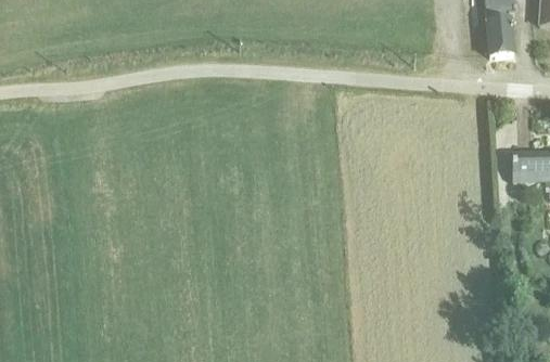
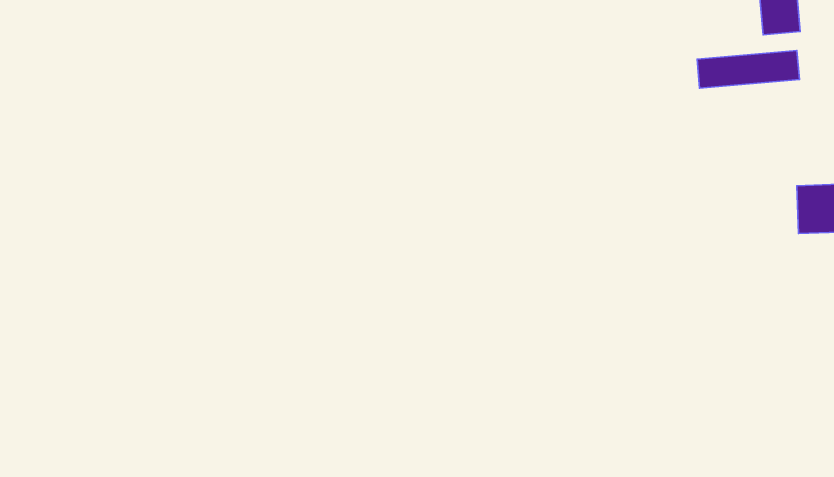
building: none -> [697,50,799,88]

